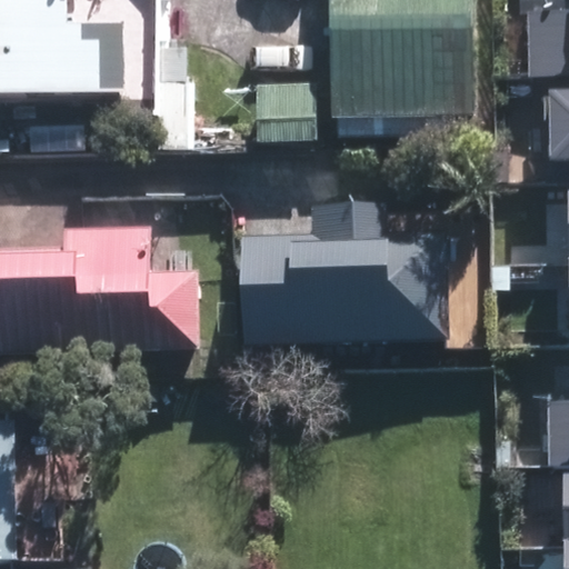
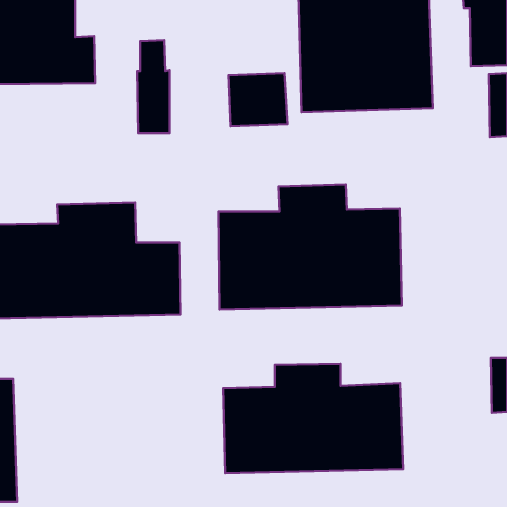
building: none -> [223,364,403,473]

